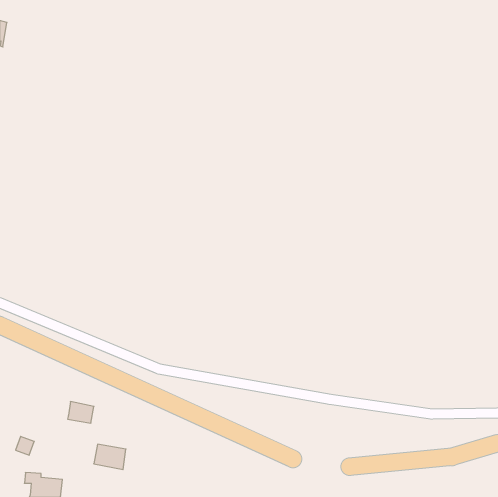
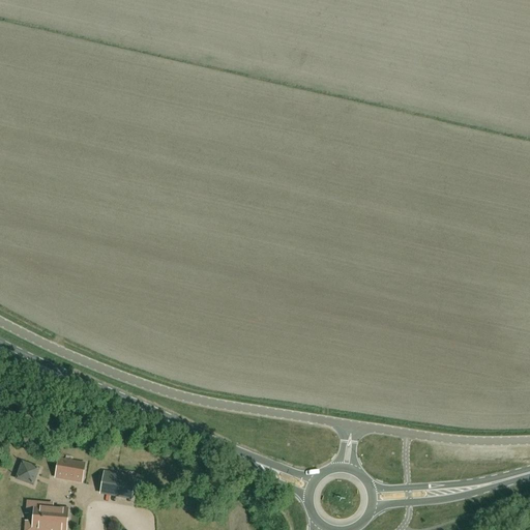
building: [68,402,94,423] -> [55,458,83,480]

